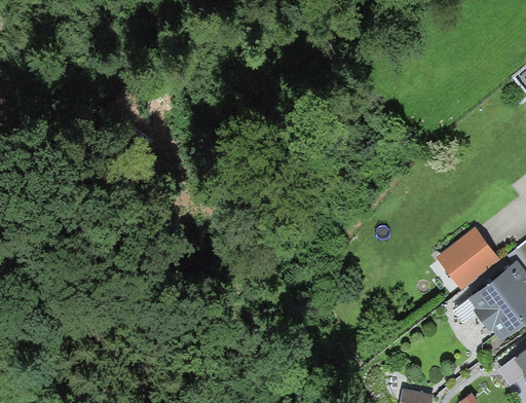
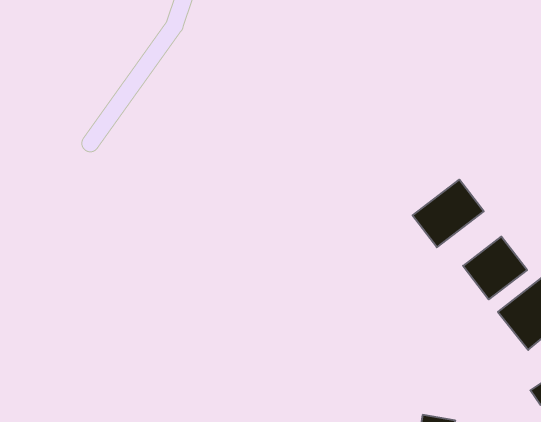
building: none -> [413,180,484,247]

